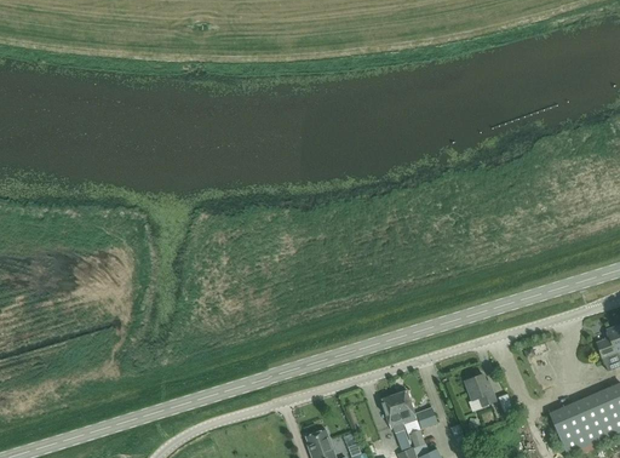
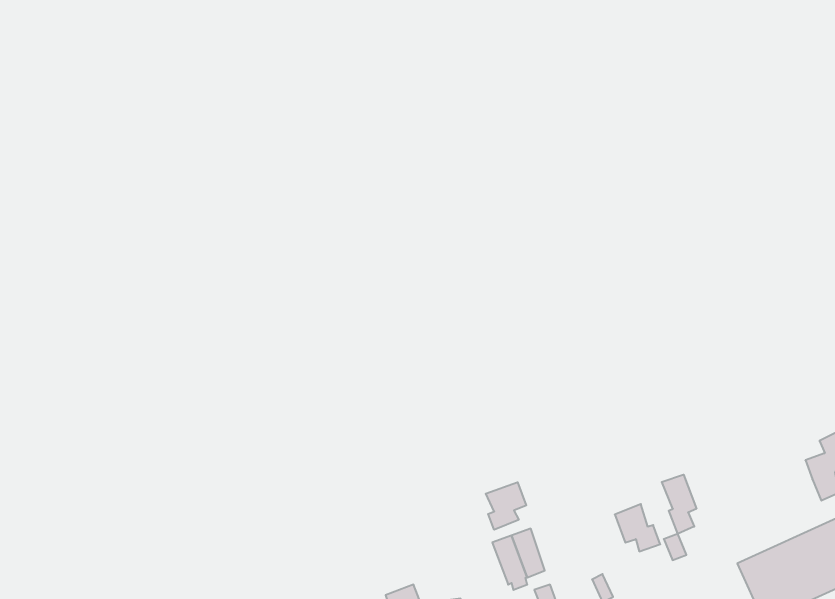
building: none -> [662,475,696,534]
building: none -> [486,482,526,530]

